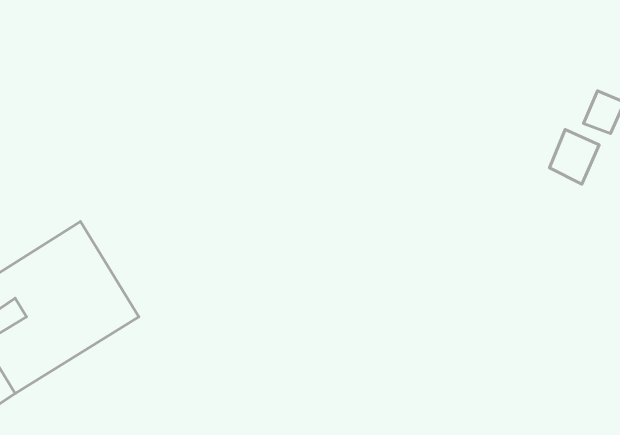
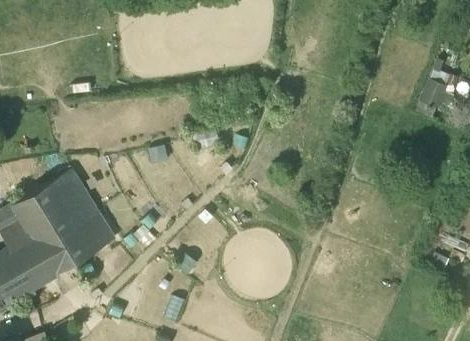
building: [549,130,599,184] -> none

